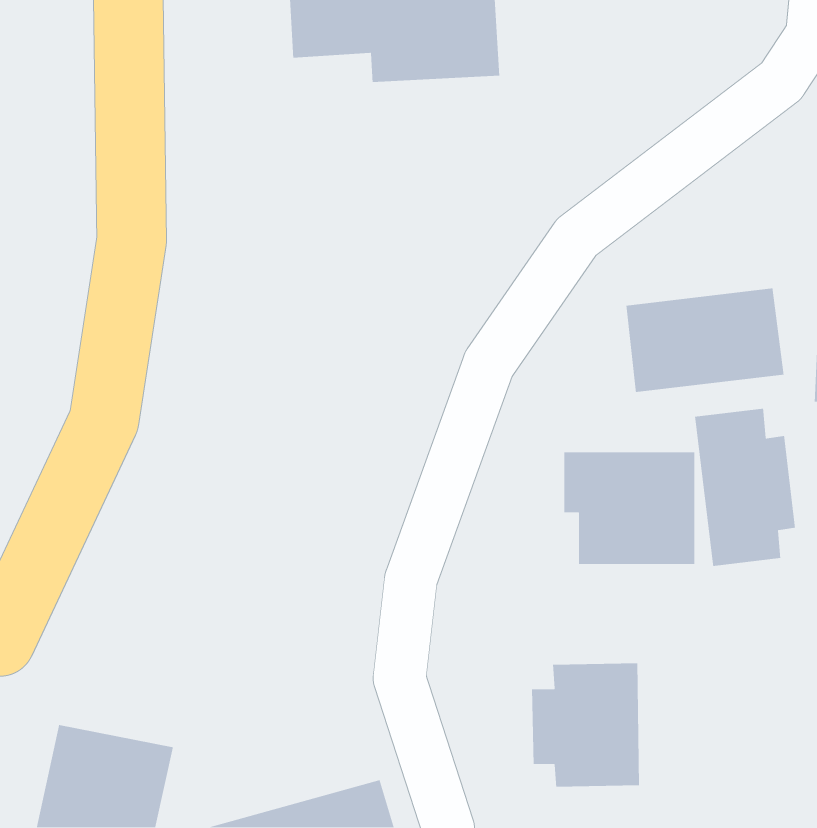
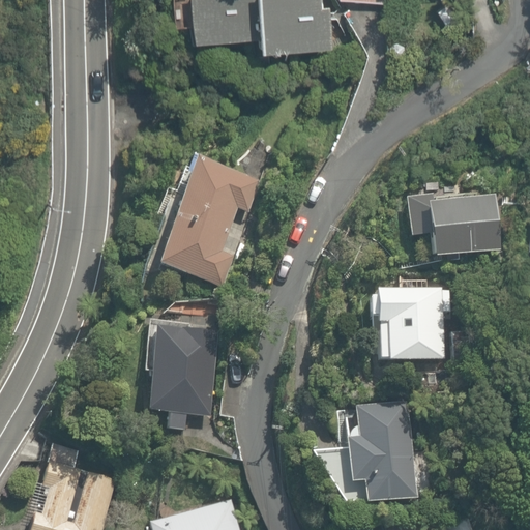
building: none -> [154,157,263,291]
building: [694,408,796,567] -> none
building: none -> [148,300,228,433]

